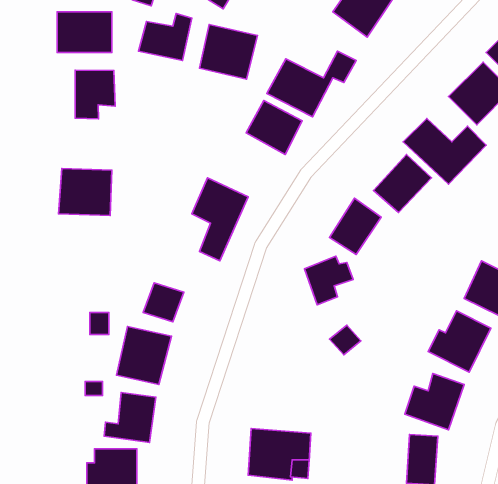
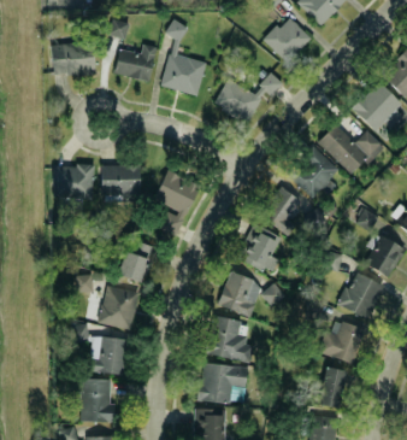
building: [75,70,115,119] -> none
building: [246,100,302,154] -> none
building: none -> [102,165,140,200]
building: none -> [219,271,254,316]
building: none -> [206,317,250,360]

